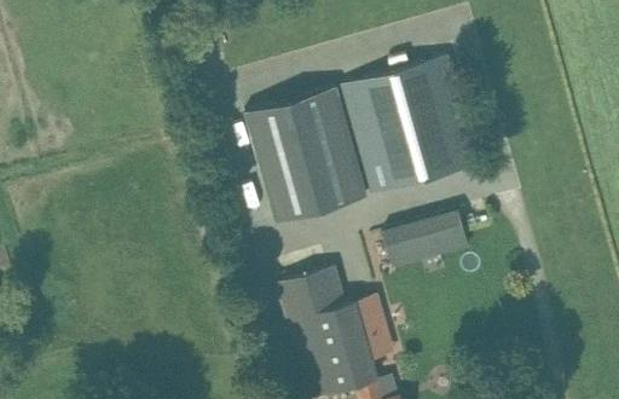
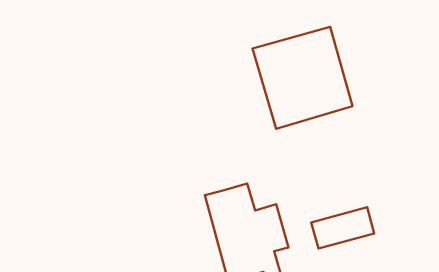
building: [247,88,368,224] -> none
building: [384,212,469,267] -> [311,207,374,249]

